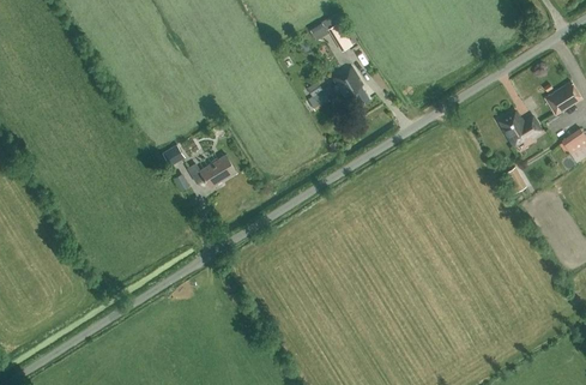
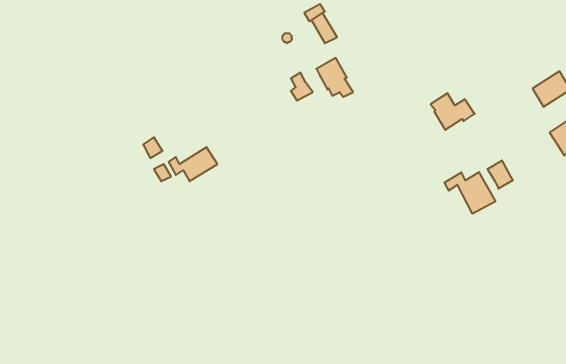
building: [499,109,542,145] -> [431,93,475,130]
building: none -> [445,172,495,214]

